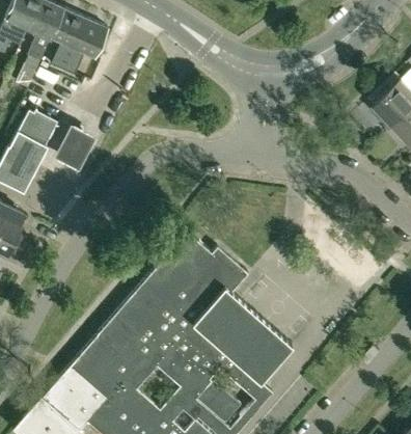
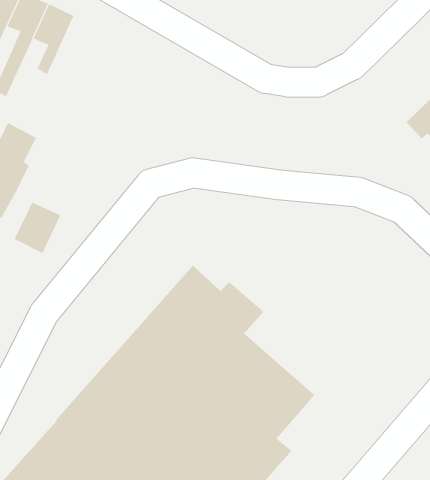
building: [62,20,107,75] -> none
building: [55,125,95,169] -> [14,202,61,254]

